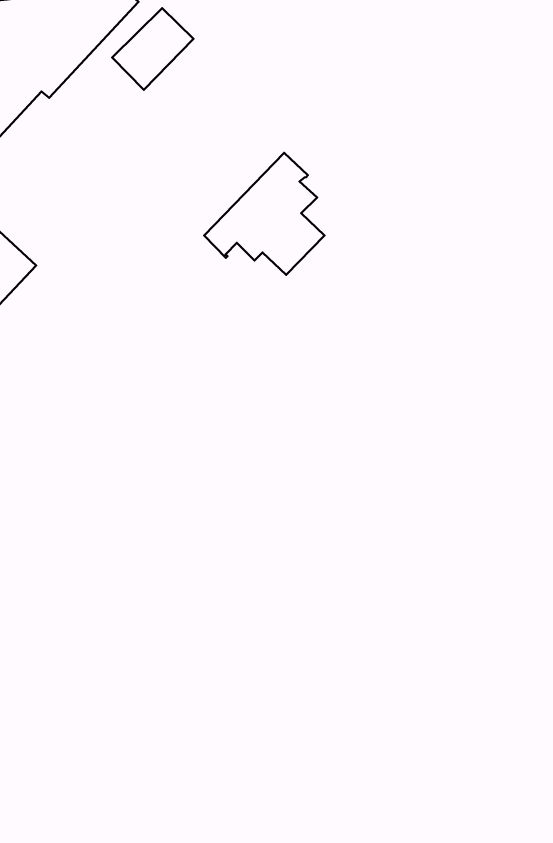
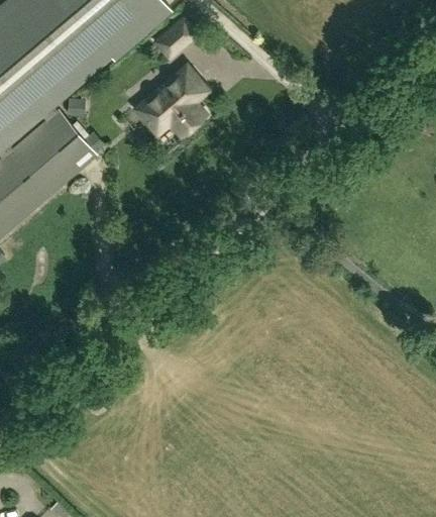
building: [204,153,325,275] -> [136,69,205,138]

